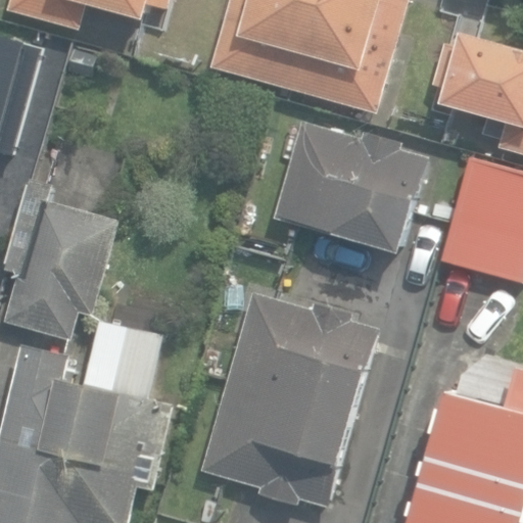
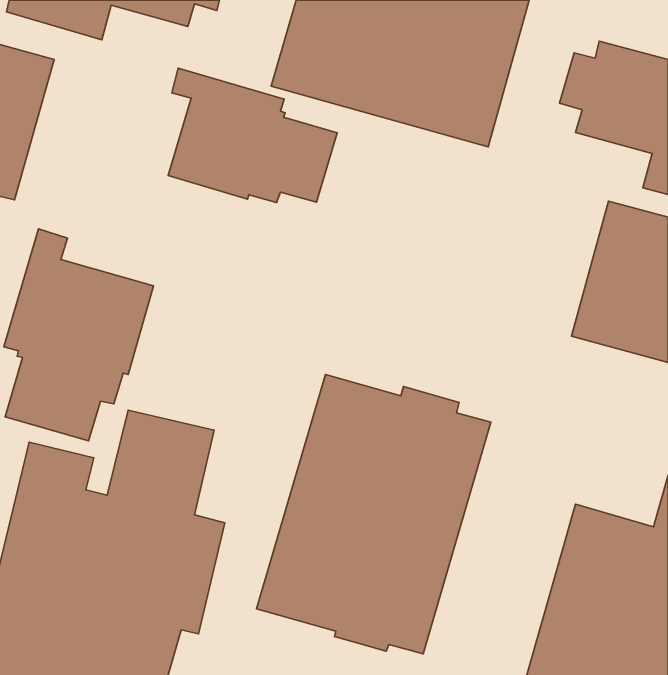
building: none -> [168,68,337,203]
building: [272,120,429,255] -> none

